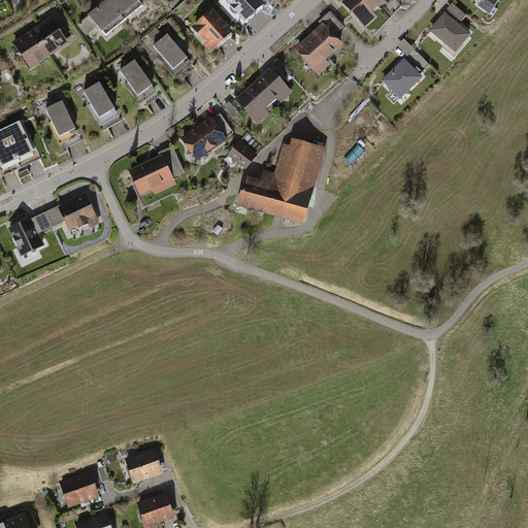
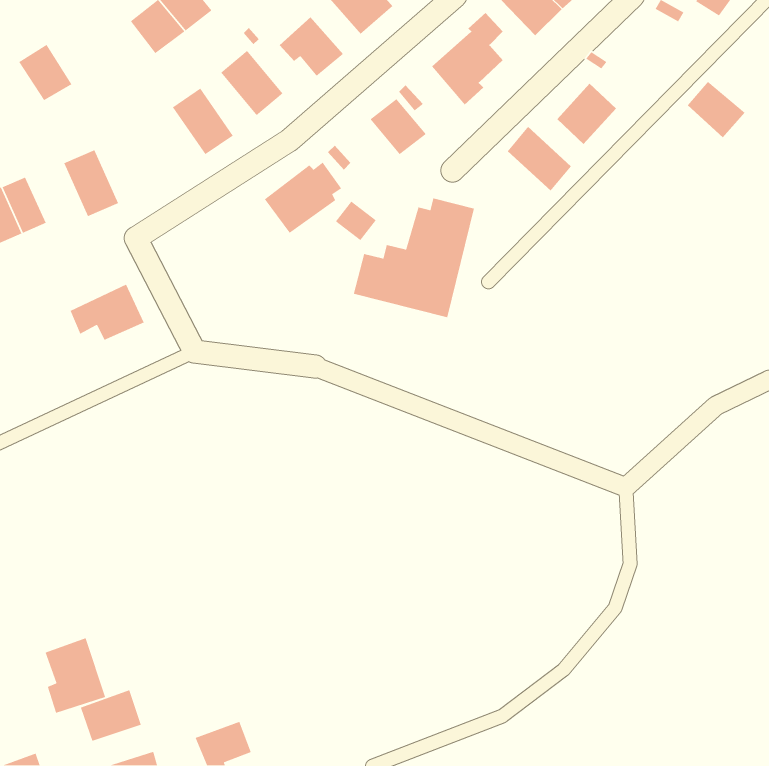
building: [427,10,467,50] -> [687,81,746,138]
building: [32,19,68,58] -> none
building: [235,81,273,122] -> none
building: [81,82,121,129] -> none
building: none -> [507,126,572,192]
building: [130,141,186,191] -> none
building: [8,212,55,256] -> none
building: none -> [45,637,106,714]
building: [121,448,163,484] -> none

